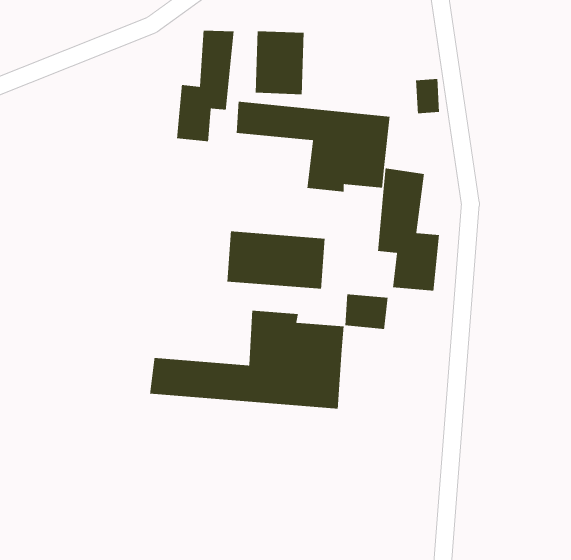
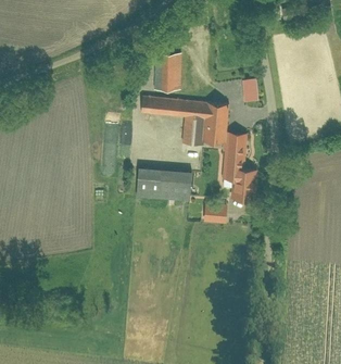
building: [176,30,235,142] -> none
building: [149,310,345,409] -> none

